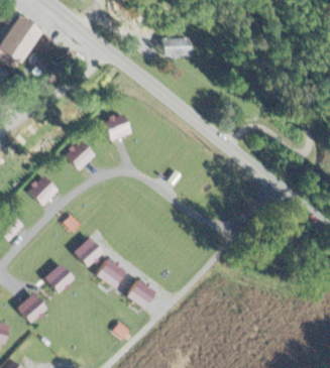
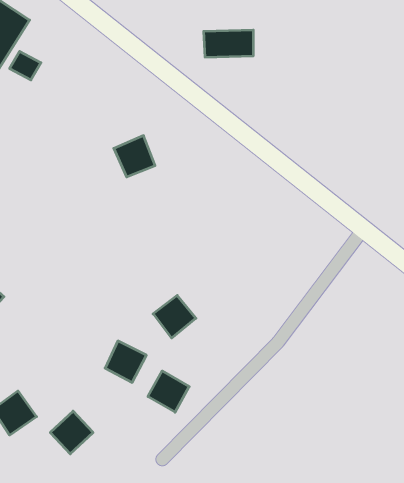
building: [64,139,95,171] -> none
building: [28,175,59,207] -> none
building: [73,237,103,267] -> [153,295,196,338]
building: [43,263,74,293] -> [50,411,93,454]

